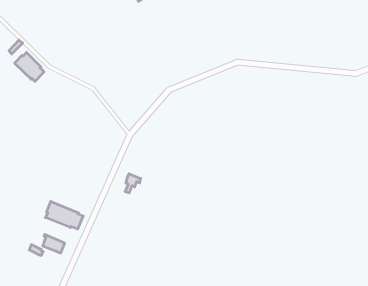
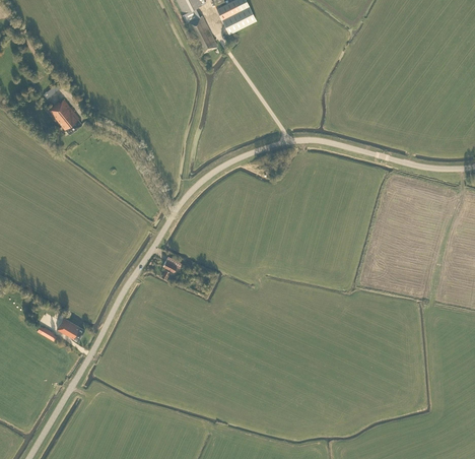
building: [45,201,83,229] -> none

